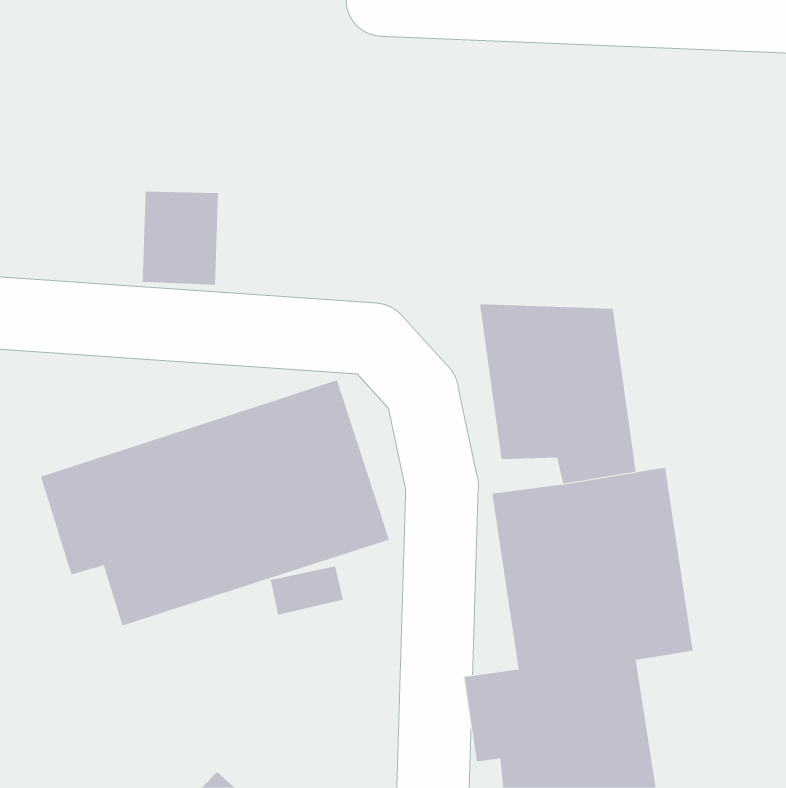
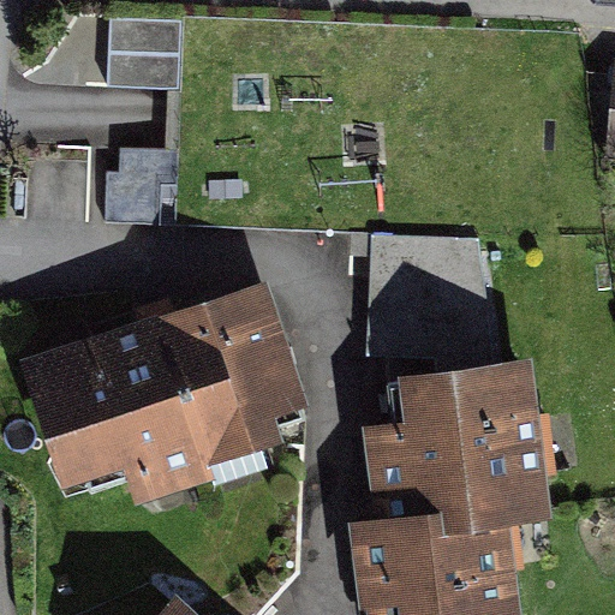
building: none -> [107,14,185,88]

